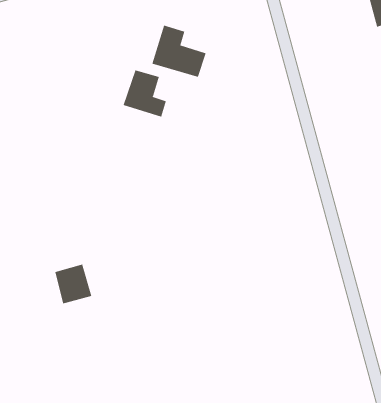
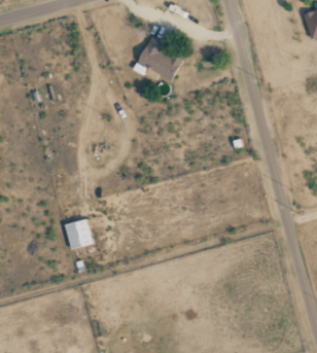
building: [123,69,167,117] -> none

